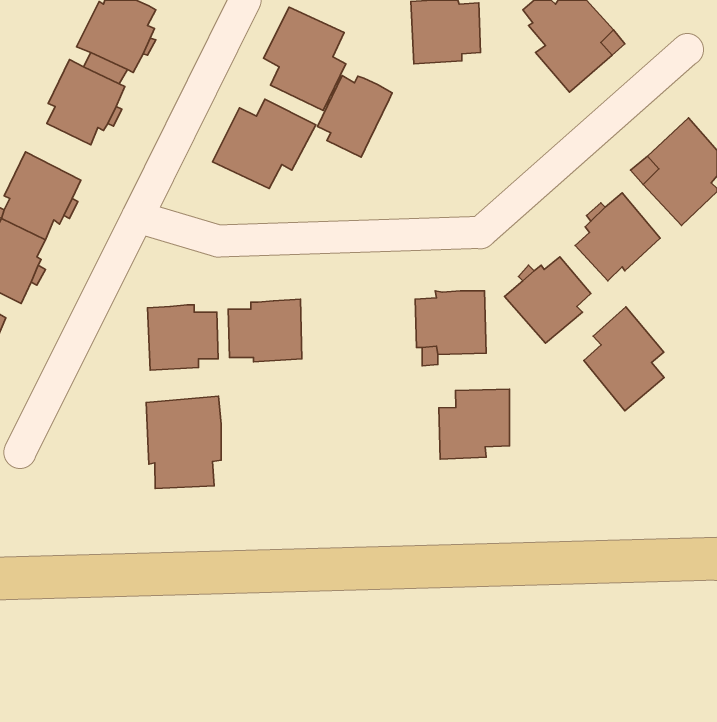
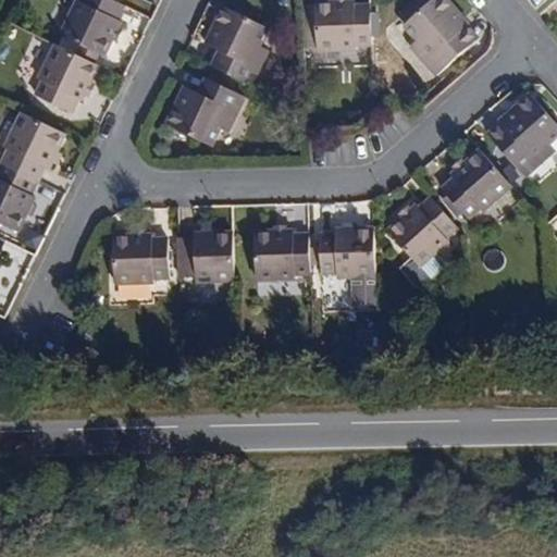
building: [317,75,392,157] -> none
building: none -> [255,228,308,277]
building: [584,307,664,411] -> none
building: [439,389,510,459] -> none
building: [146,396,221,489] -> none

